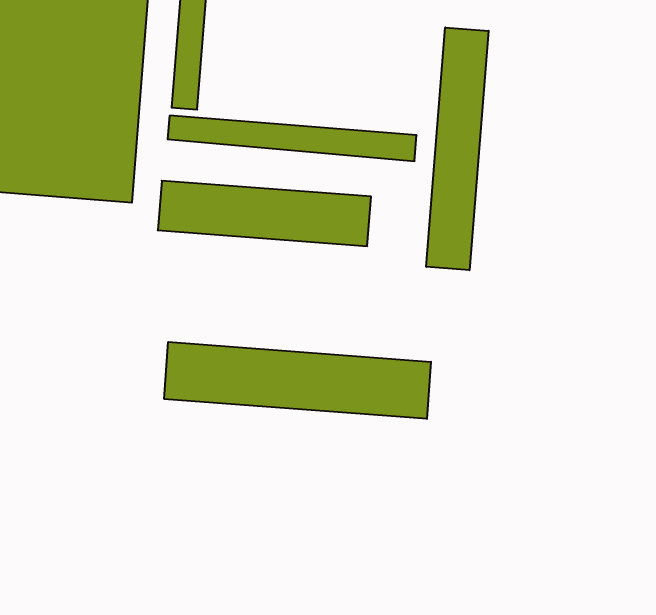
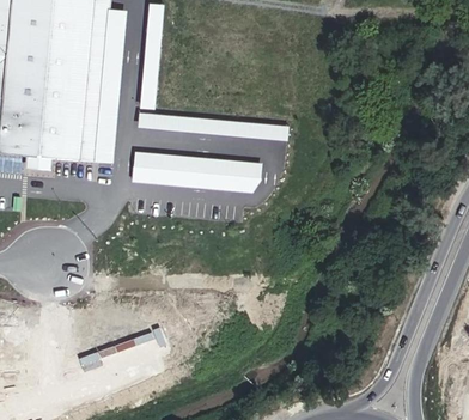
building: [426,27,489,270] -> none
building: [164,342,431,419] -> none

